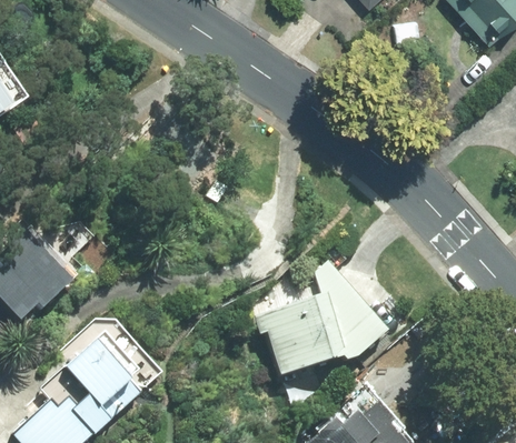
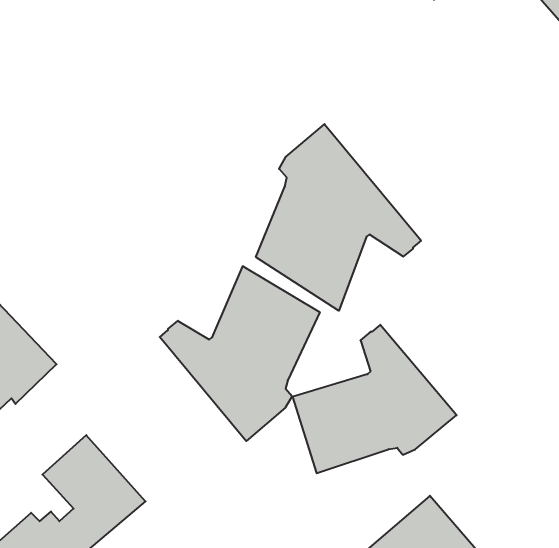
building: none -> [256,124,421,311]
building: none -> [160,266,320,441]

